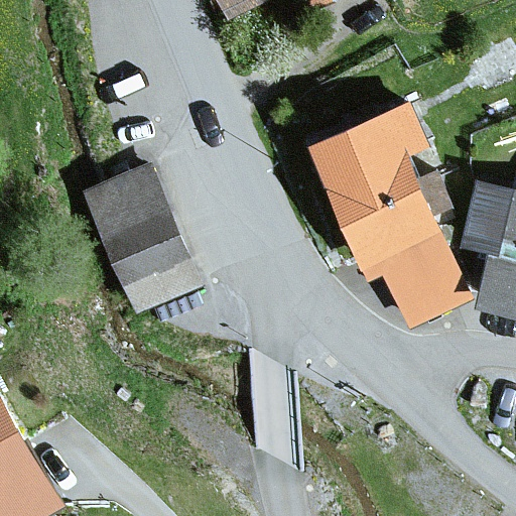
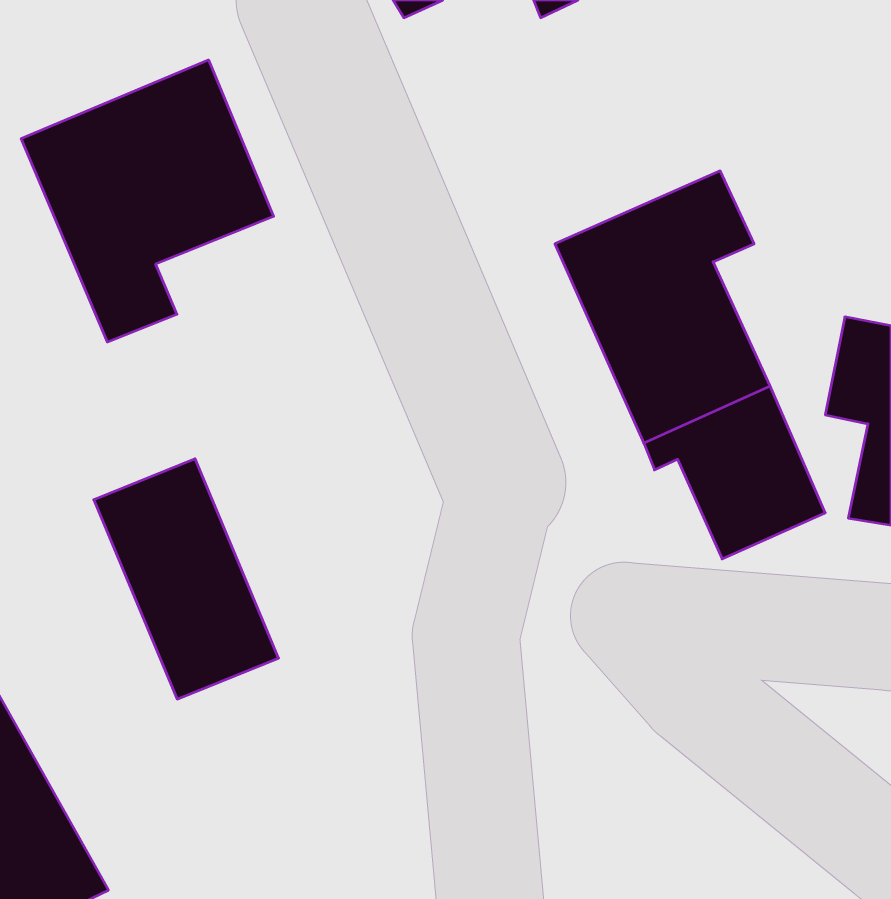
building: none -> [21,60,274,342]
building: [88,170,192,306] -> [94,459,279,699]

